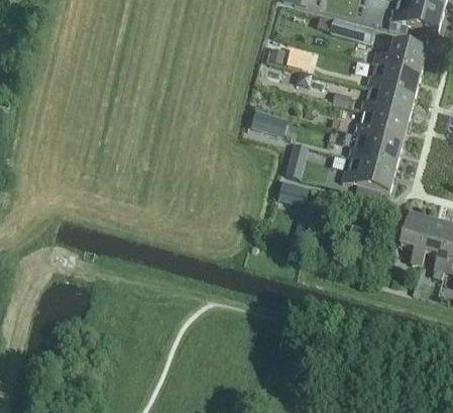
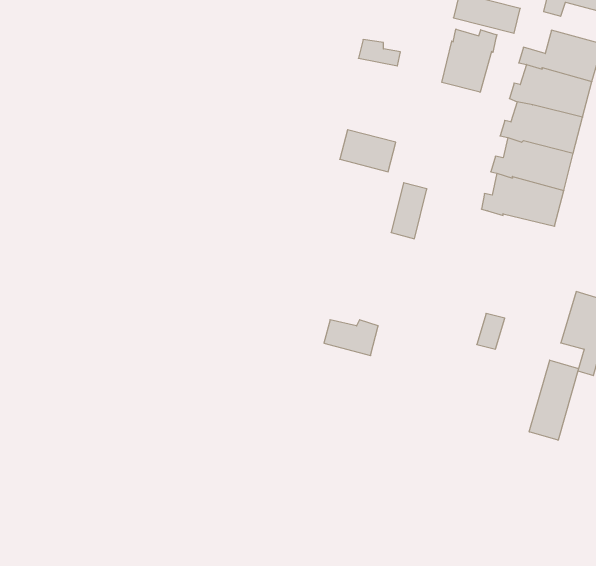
building: none -> [442,29,497,92]
building: [341,159,394,200] -> none
building: [276,184,312,207] -> [324,320,378,356]
building: none -> [529,360,579,440]

